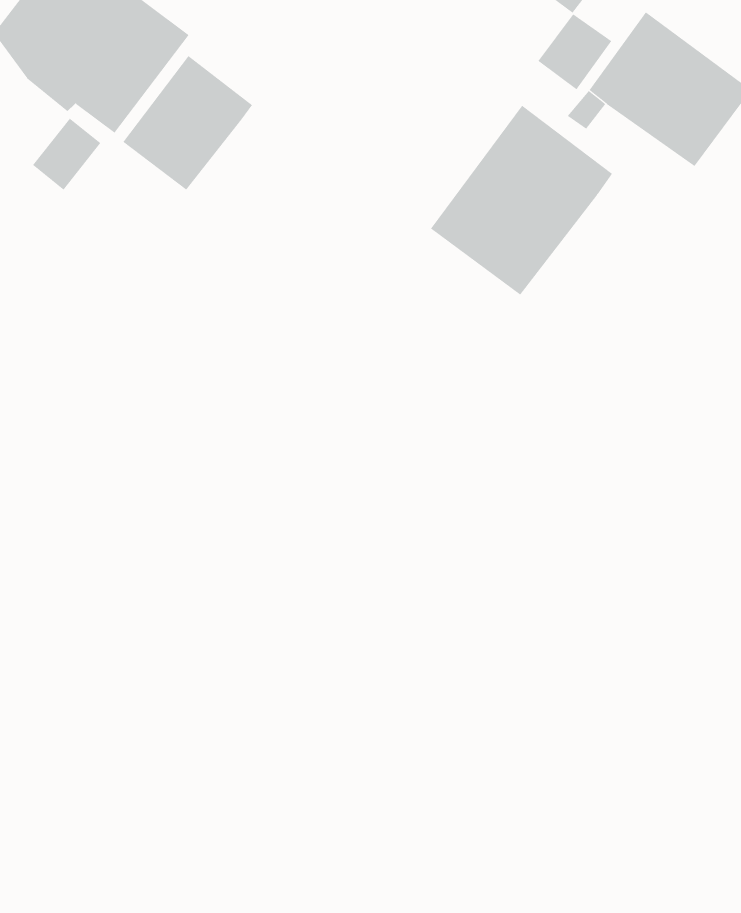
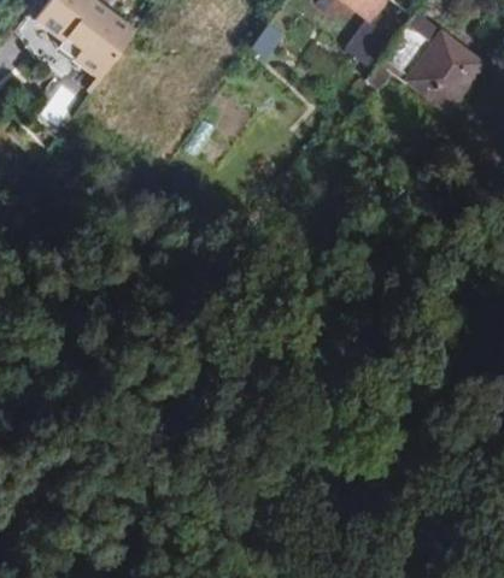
building: [122,55,253,190] -> none
building: [430,105,613,295] -> none

